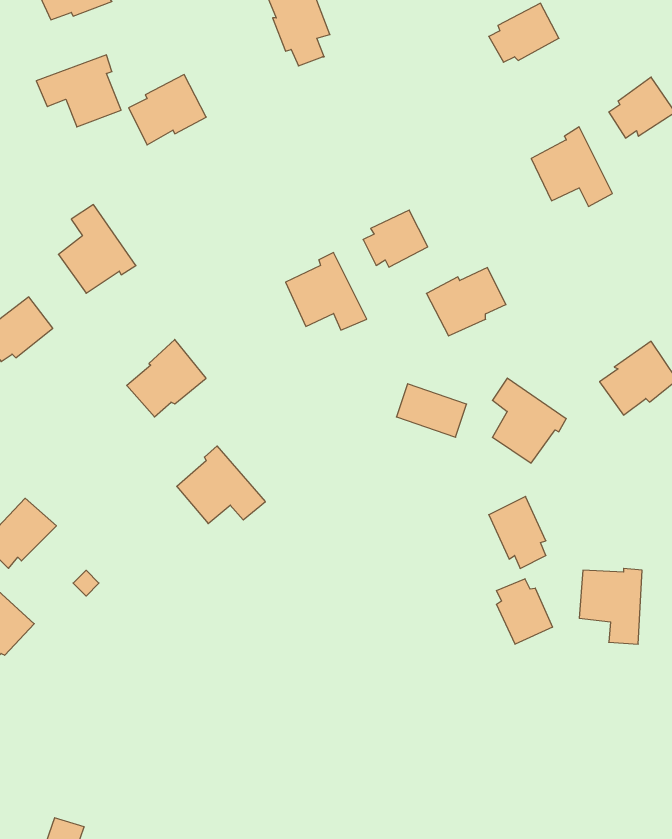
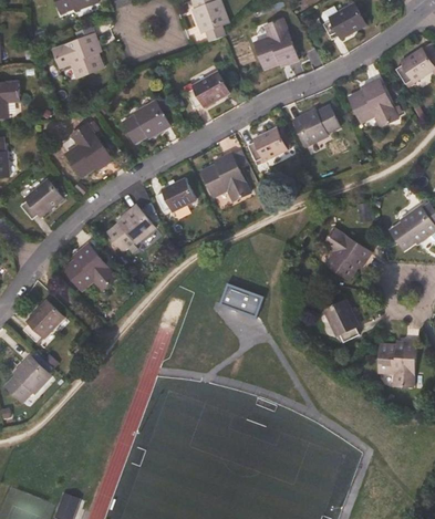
building: none -> [253,19,298,69]
building: [129,75,206,145] -> [123,101,169,143]
building: none -> [187,72,229,107]
building: [426,268,506,336] -> [292,105,340,146]
building: none -> [155,178,195,211]
building: [396,384,467,437] -> [220,284,262,316]
building: [177,446,265,524] -> [63,243,116,290]
building: [497,579,552,644] -> none

